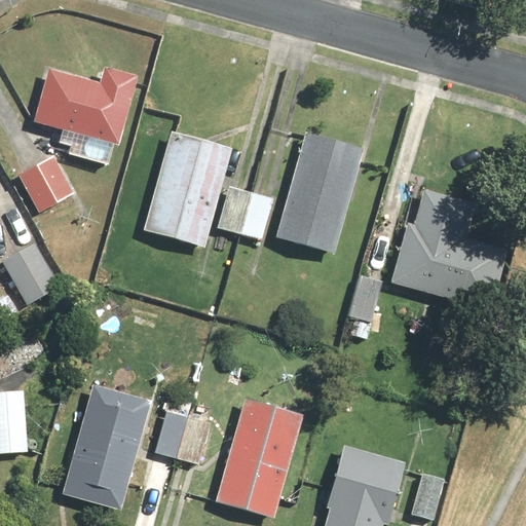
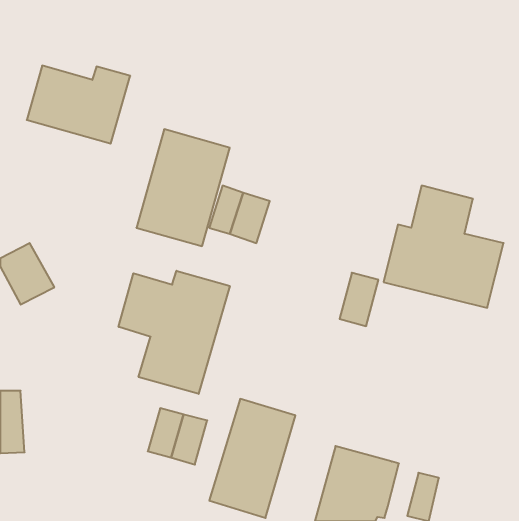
building: [275,130,364,254] -> none
building: [21,155,78,213] -> none
building: none -> [119,271,230,394]
building: [61,383,150,510] -> none

